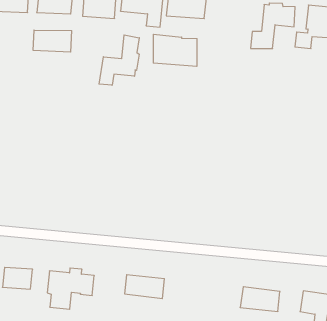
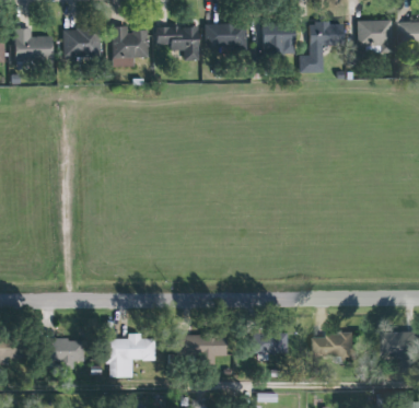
building: none -> [258,28,291,54]
building: [33,30,72,52] -> none
building: [153,34,197,66] -> none
building: [99,35,139,85] -> none
building: none -> [256,333,289,352]

